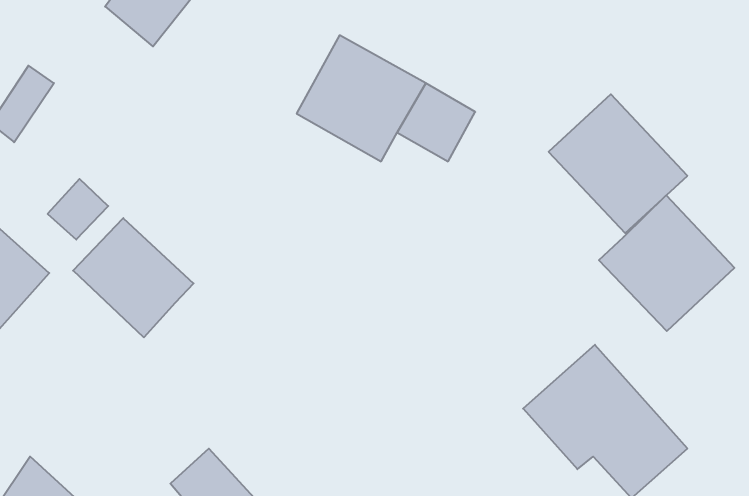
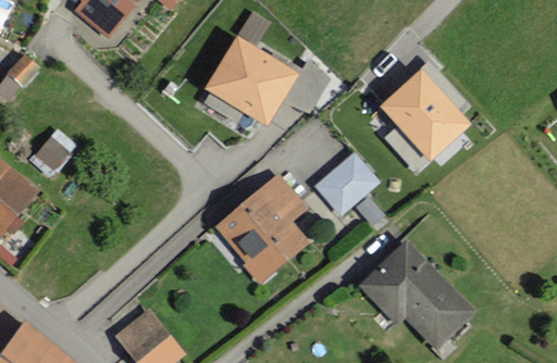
building: [599,195,734,331] -> none
building: none -> [314,153,377,216]
building: [73,218,194,337] -> none
building: none -> [215,176,310,284]

